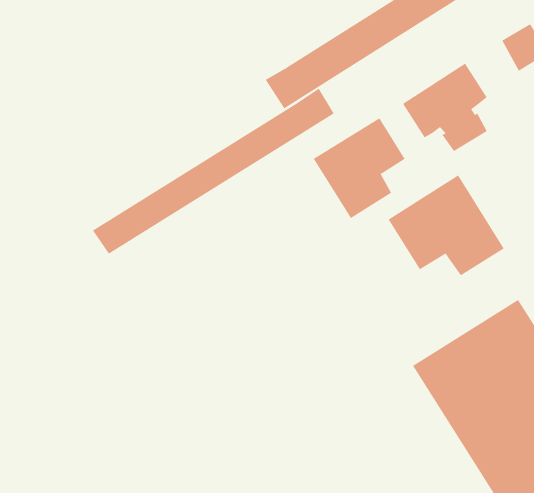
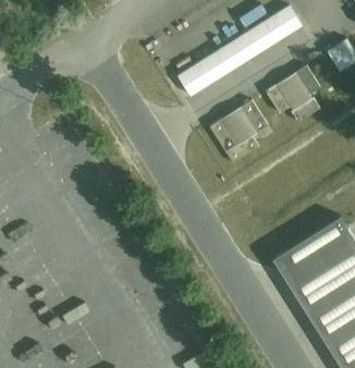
building: [92,88,334,254] -> none
building: [388,175,504,276] -> none

